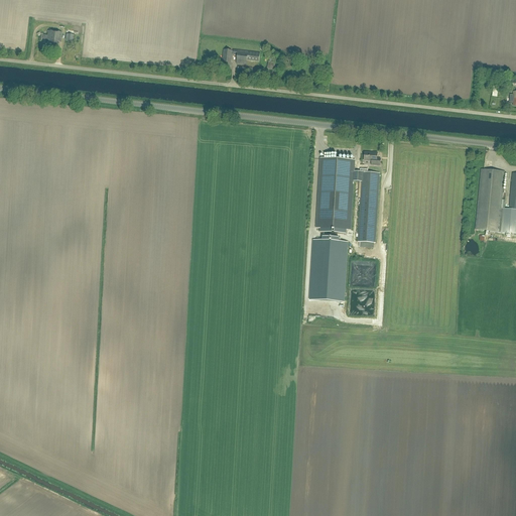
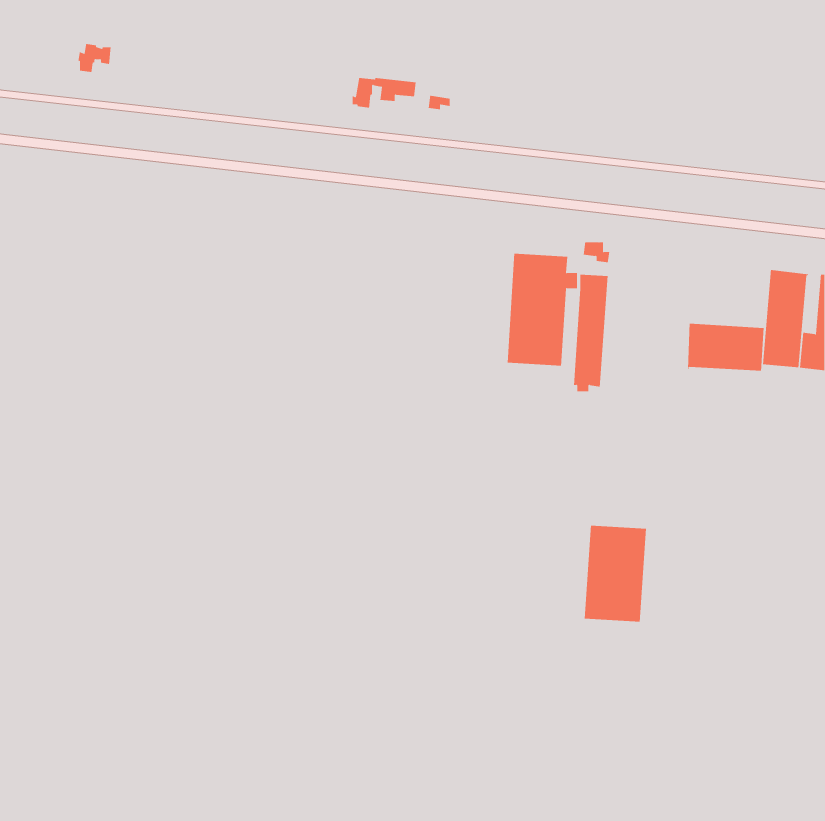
building: none -> [688,323,764,372]
building: [309,239,349,299] -> [584,525,647,622]

